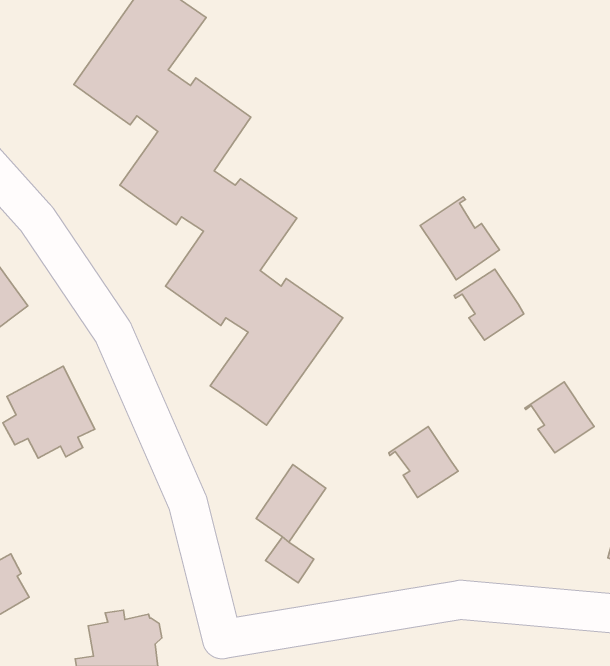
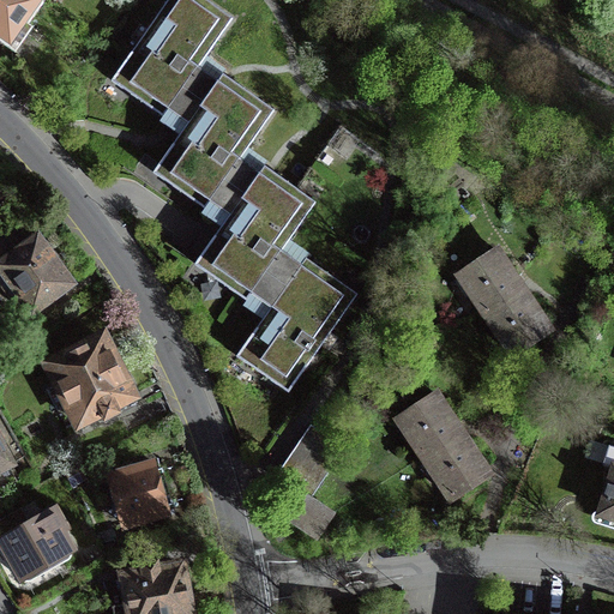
building: [420,197,500,280] -> none
building: [525,382,594,453] -> [487,290,550,355]
building: none -> [426,434,489,499]
building: none -> [112,465,171,524]

